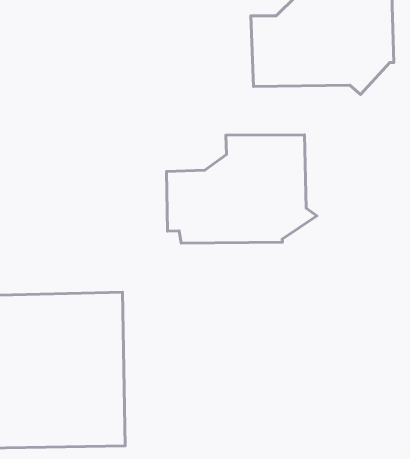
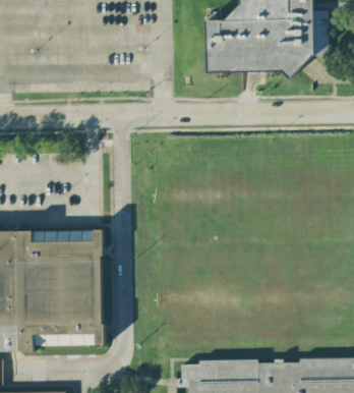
building: [166,135,317,243] -> none

